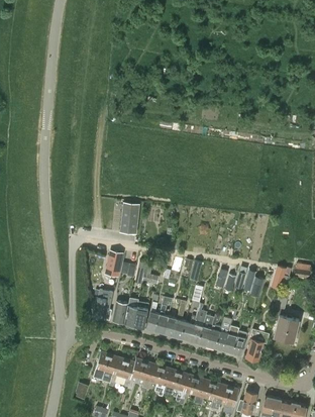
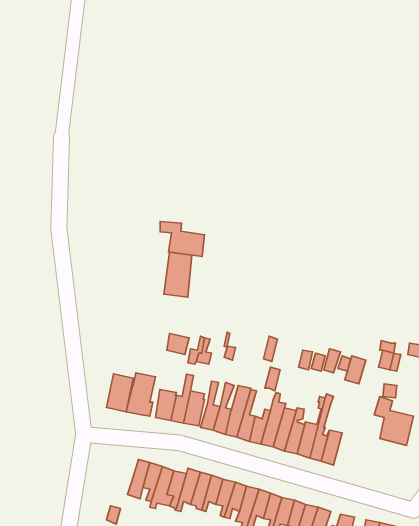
building: none -> [160,221,205,256]
building: [104,250,123,278] -> [106,374,133,412]
building: [246,323,269,361] -> none

